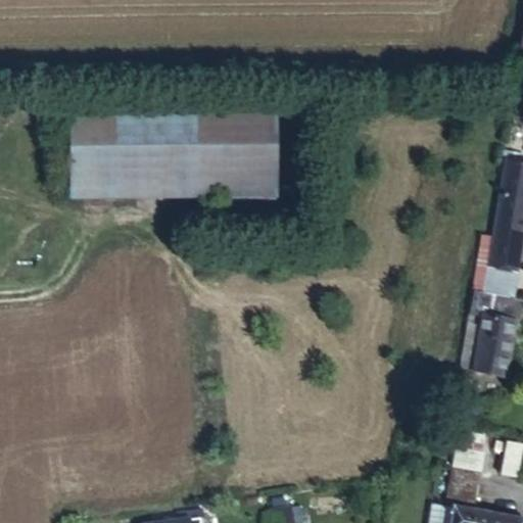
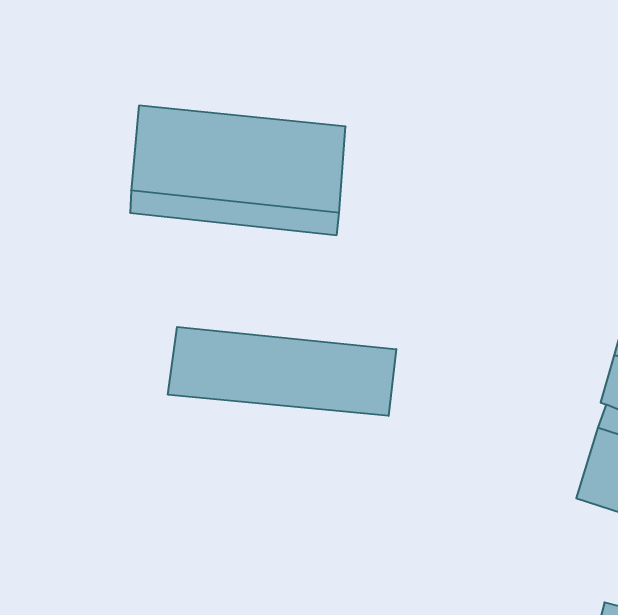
building: [74,116,126,195] -> none
building: none -> [168,327,396,416]

